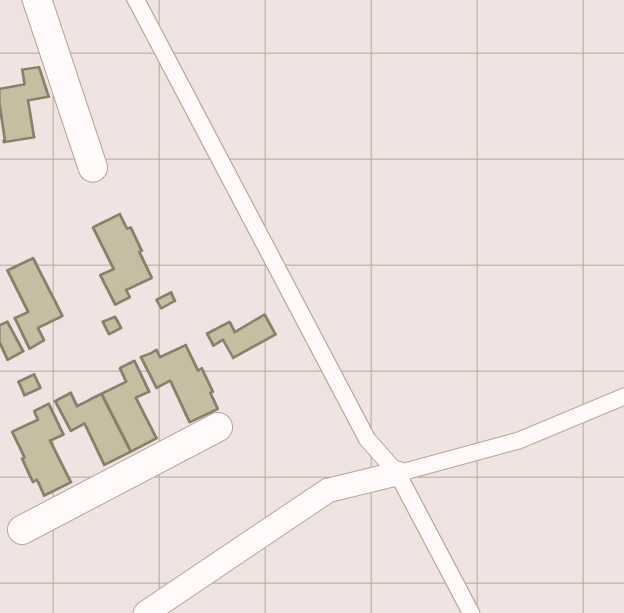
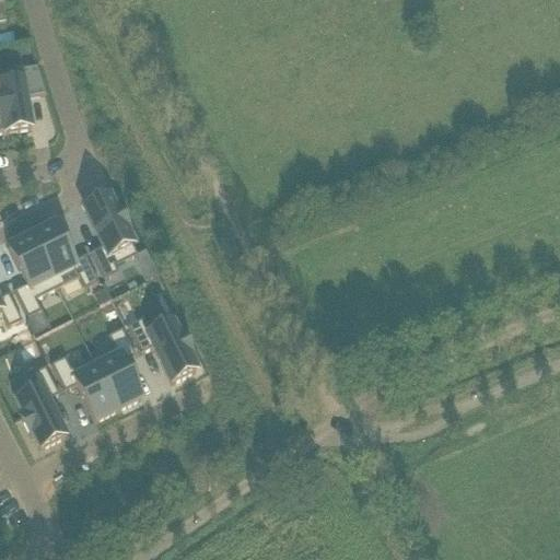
building: none -> [30,219,96,282]
building: [207,315,276,358] -> none

